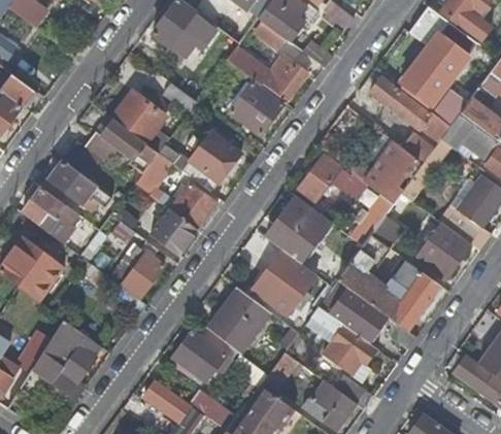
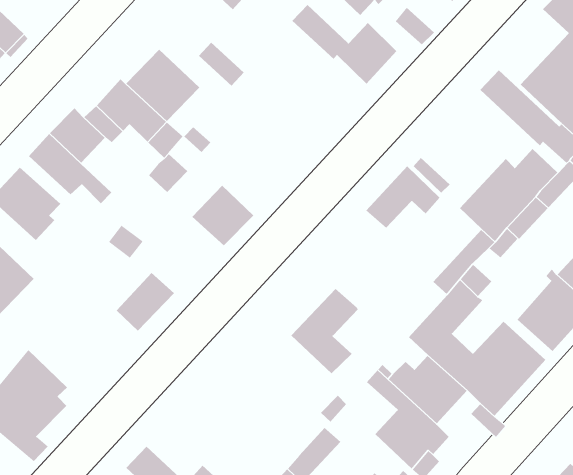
building: [234,82,285,135] -> none
building: [182,131,241,192] -> none
building: [265,196,330,262] -> none
building: [152,209,197,255] -> none
building: [205,287,270,353] -> none
building: [172,331,225,382] -> none

